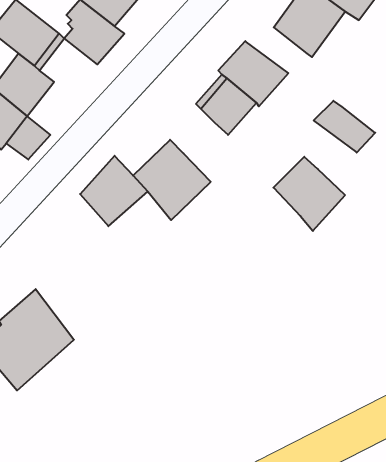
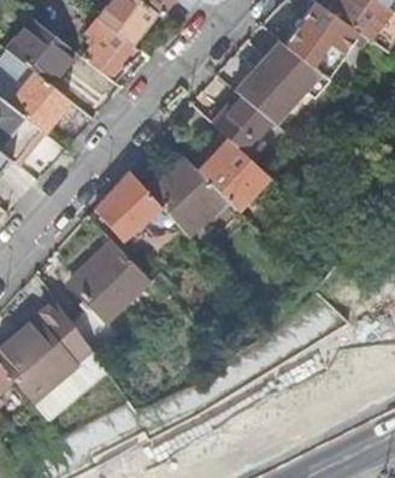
building: [314,101,375,153] -> [257,40,317,90]
building: [273,157,345,231] -> [196,138,266,211]
building: none -> [71,241,154,359]

